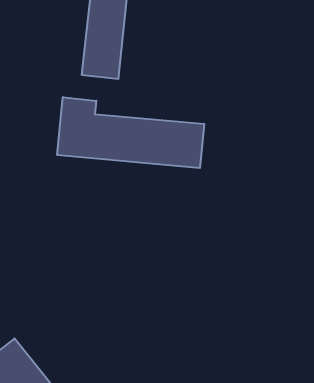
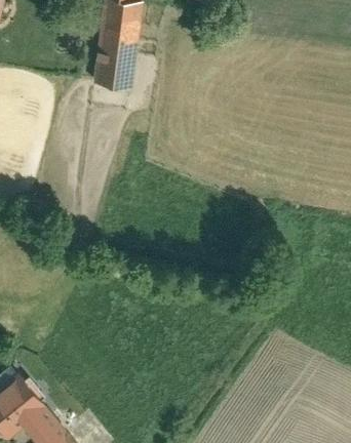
building: [57,97,204,168] -> none

